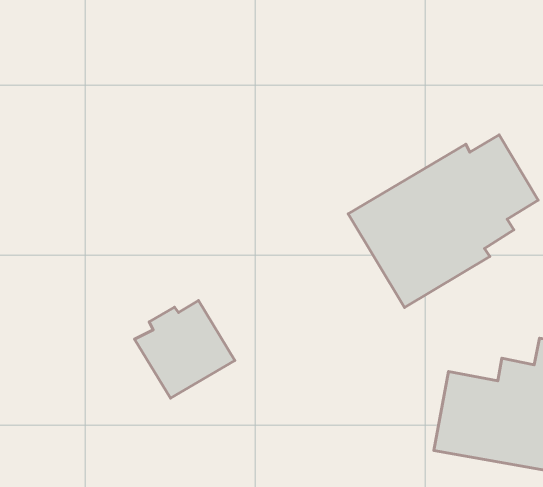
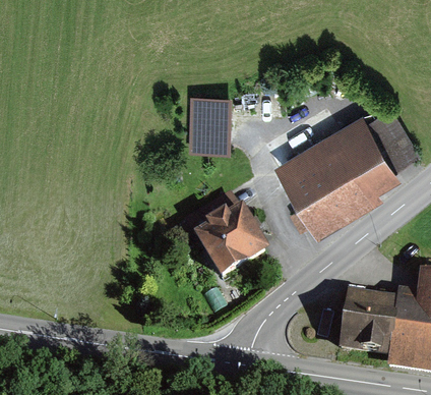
building: none -> [187,96,232,157]
building: [134,300,235,398] -> [192,207,268,281]

